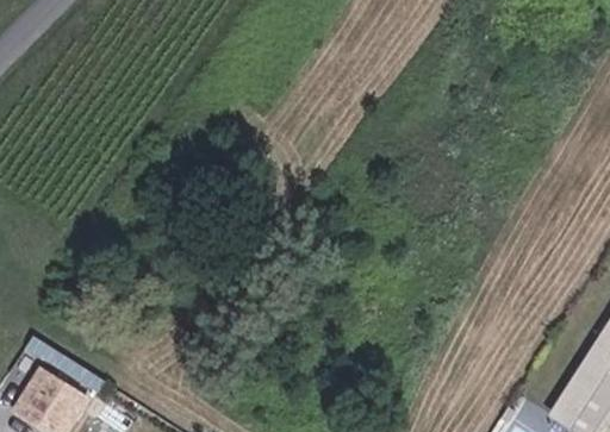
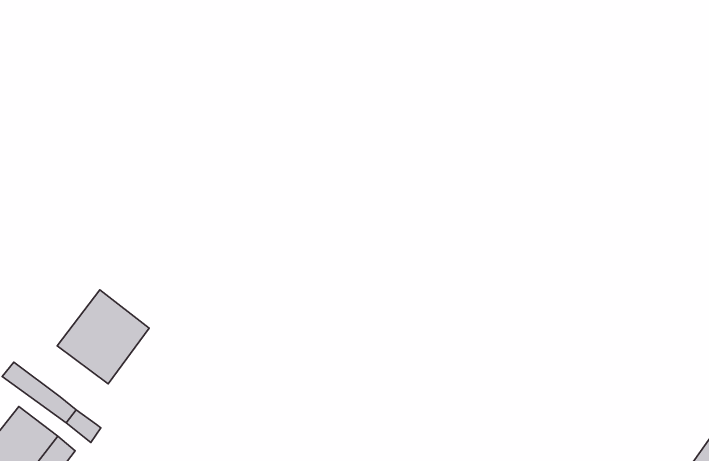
building: none -> [57,290,149,384]

